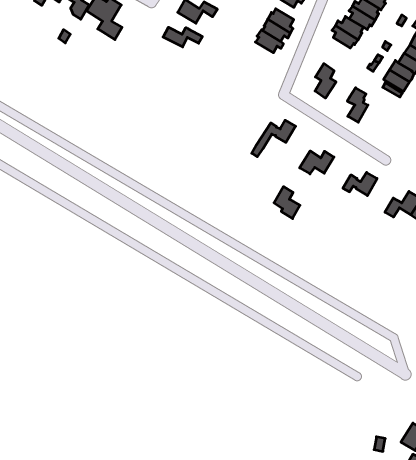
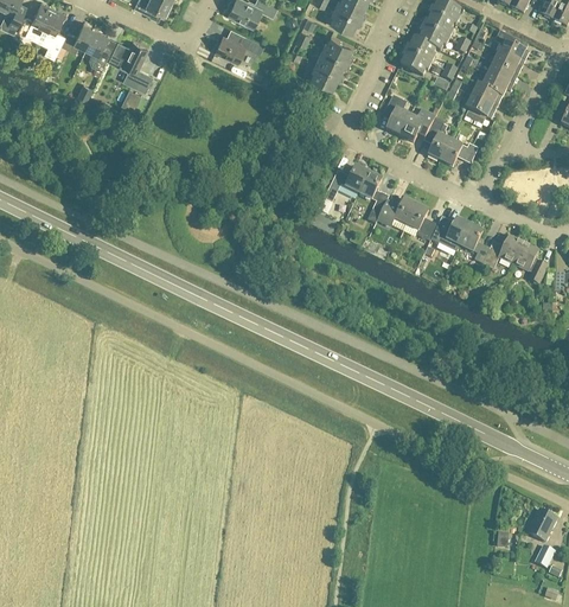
building: [163,27,202,47] -> none
building: none -> [398,109,435,142]
building: none -> [440,139,477,166]
building: none -> [357,172,388,212]
building: none -> [459,224,488,263]
building: [274,187,300,219] -> [405,204,436,241]

